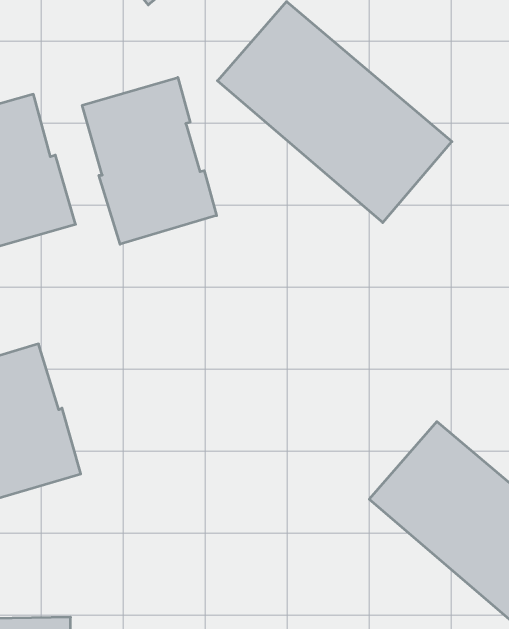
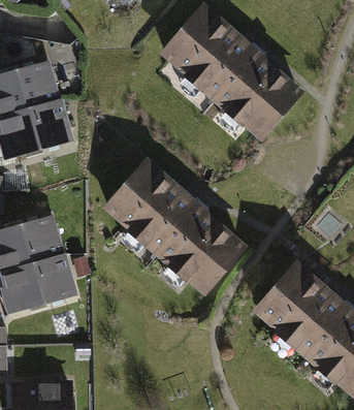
building: [82,77,217,244] -> none
building: none -> [103,158,249,295]

